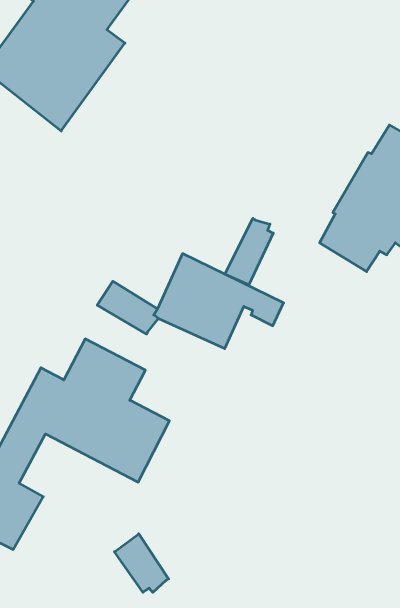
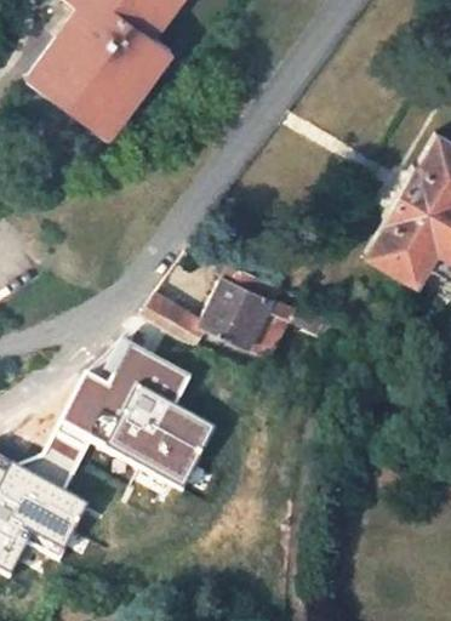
building: [225,218,273,285] -> none
building: [114,534,169,592] -> none

